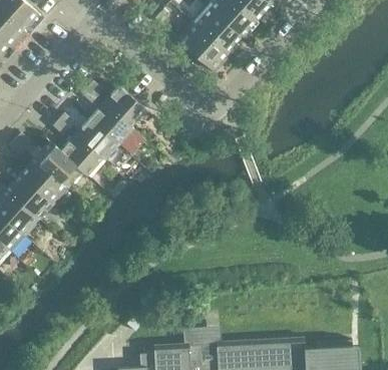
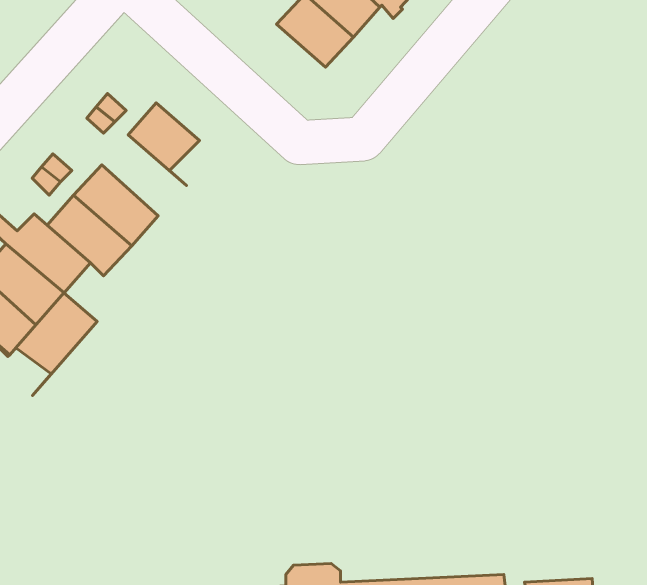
building: [89,103,134,146] -> none
building: none -> [16,293,97,396]

